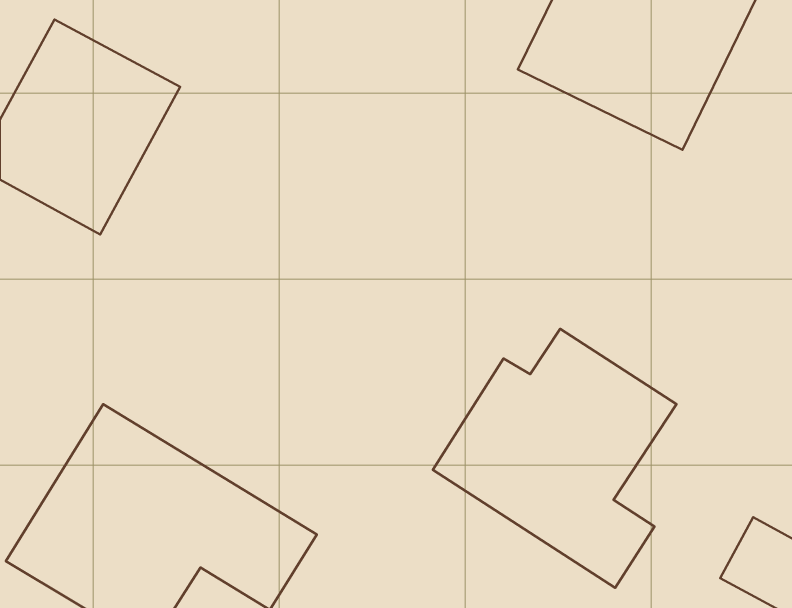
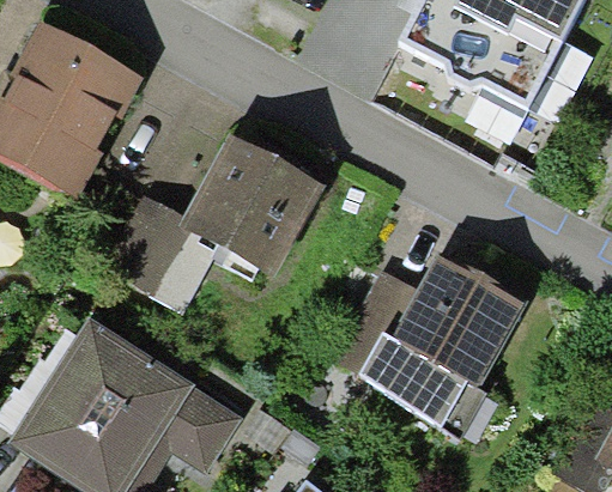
building: none -> [108,132,323,309]

